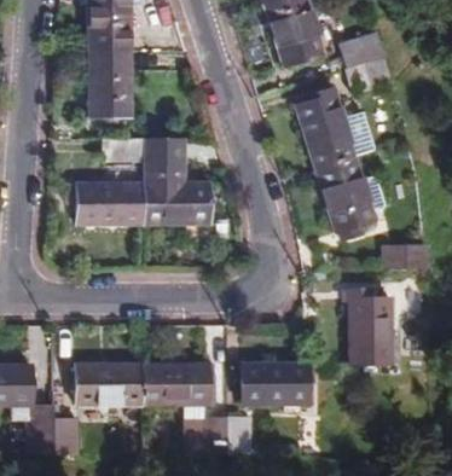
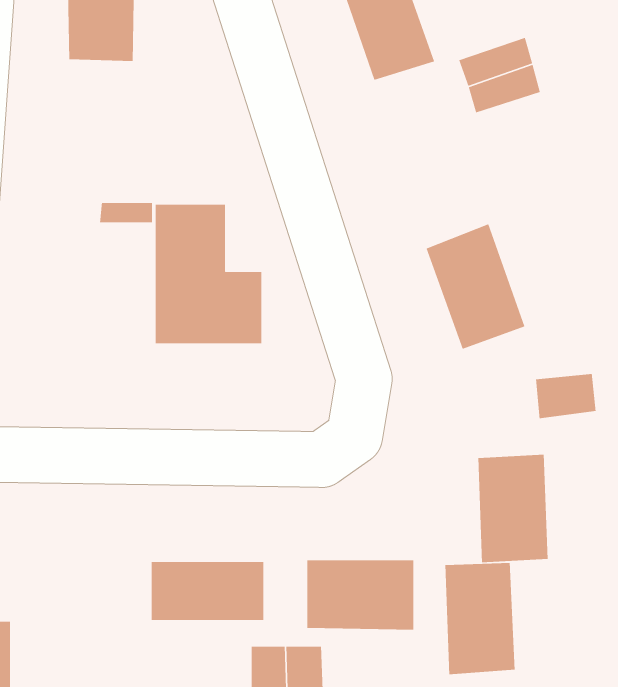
building: [89,48,131,112] -> none
building: [291,87,375,167] -> none
building: [76,181,144,227] -> none
building: [73,364,141,402] -> none
building: none -> [444,562,515,675]

